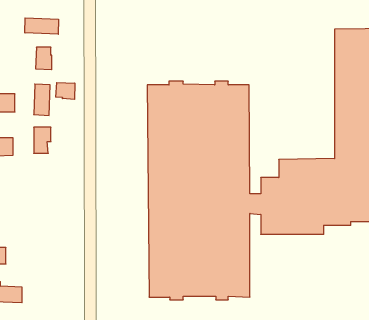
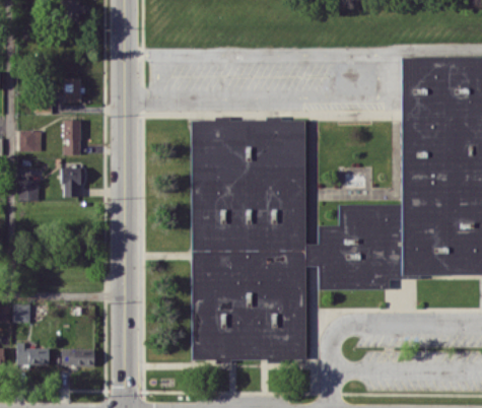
building: [25,18,58,34] -> none
building: [56,83,75,99] -> none
building: none -> [62,349,95,366]

